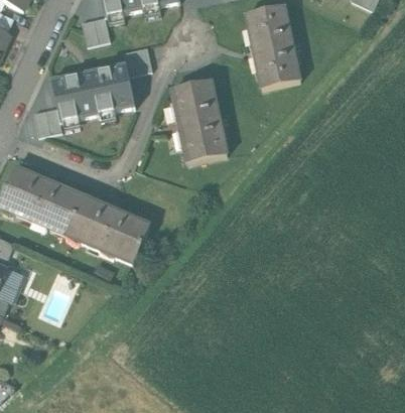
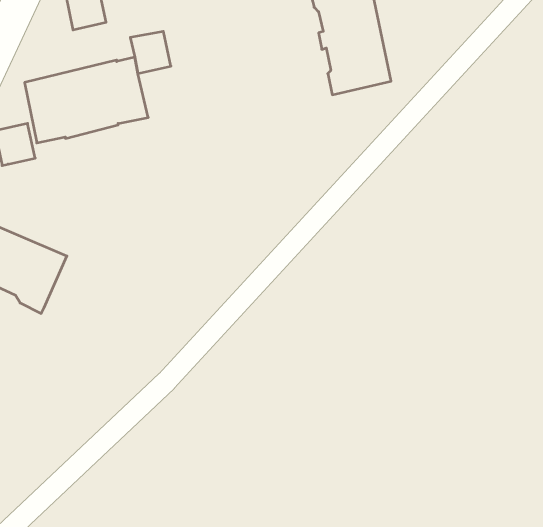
building: [171,79,225,160] -> none
building: [66,194,149,261] -> none

